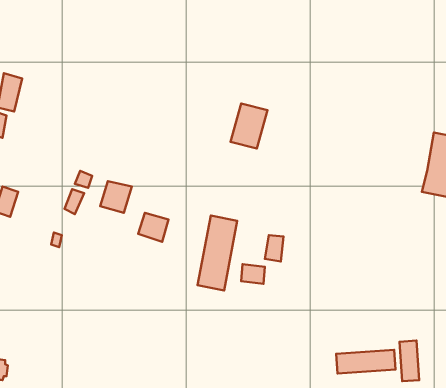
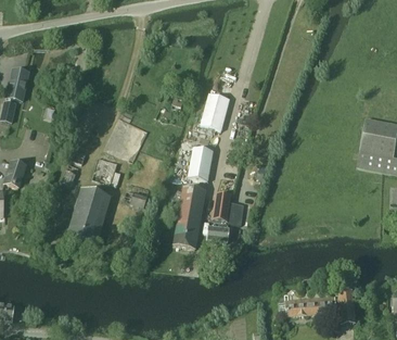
building: none -> [188,147,213,180]
building: none -> [66,189,110,248]
building: none -> [213,193,231,222]

